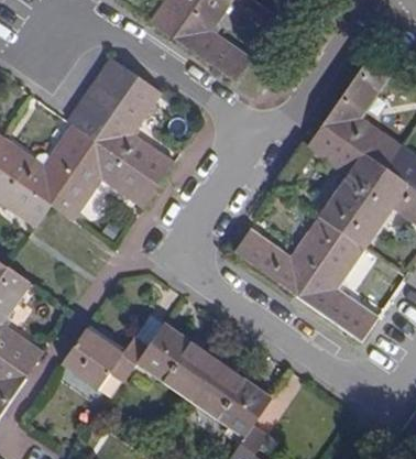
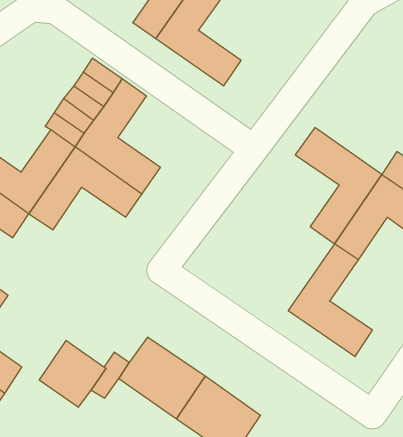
building: [324,61,402,167] -> none
building: [233,217,342,297] -> none

